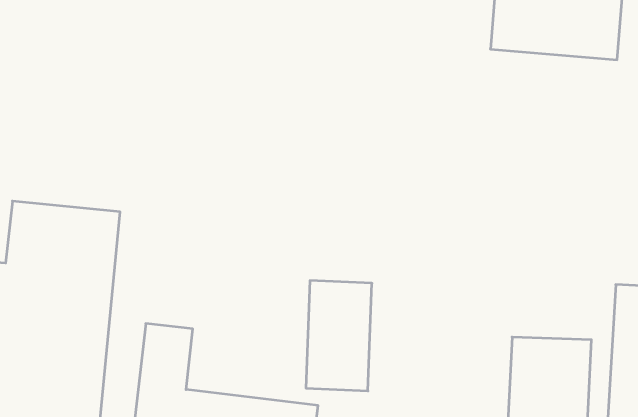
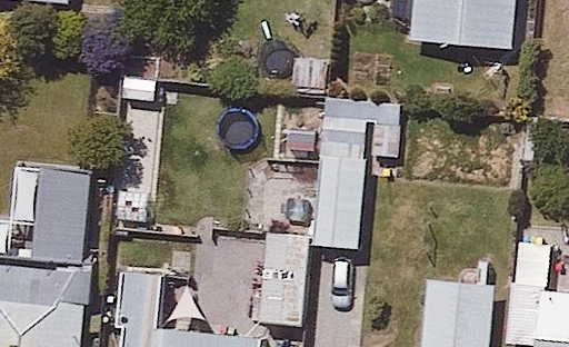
building: none -> [315,97,397,248]

